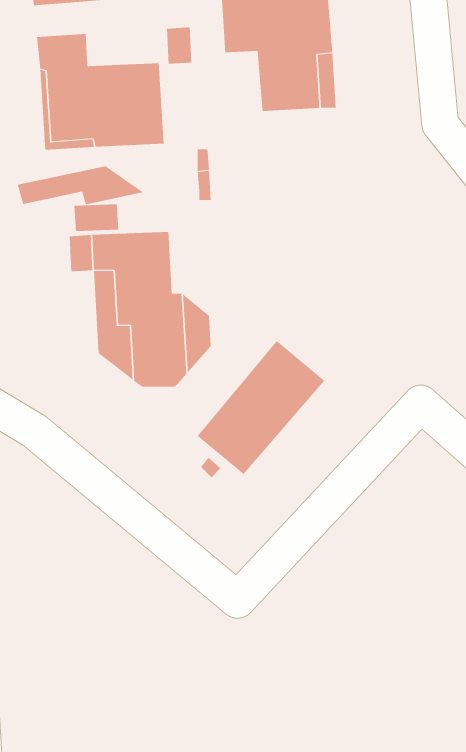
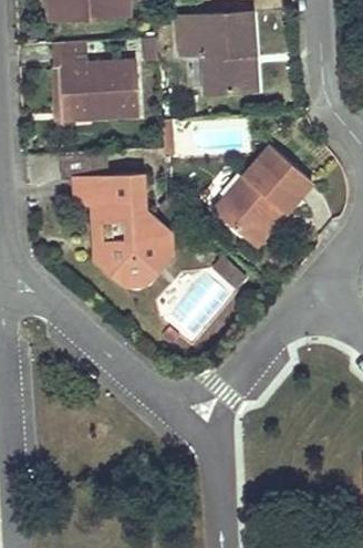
building: [17,165,145,205] -> none
building: none -> [214,145,312,248]

